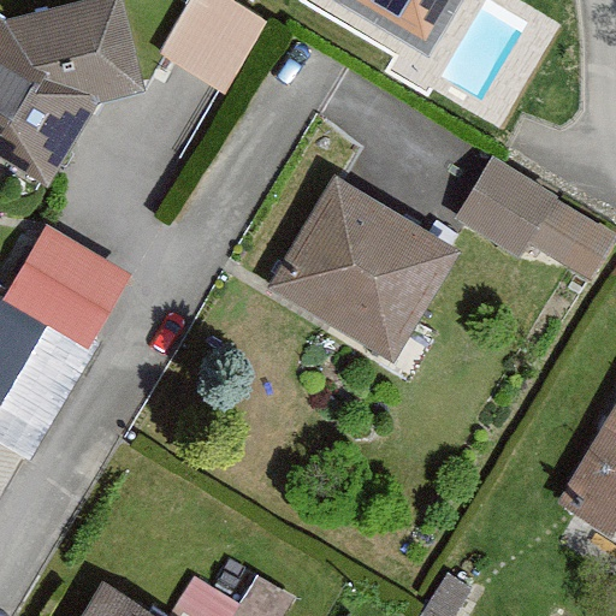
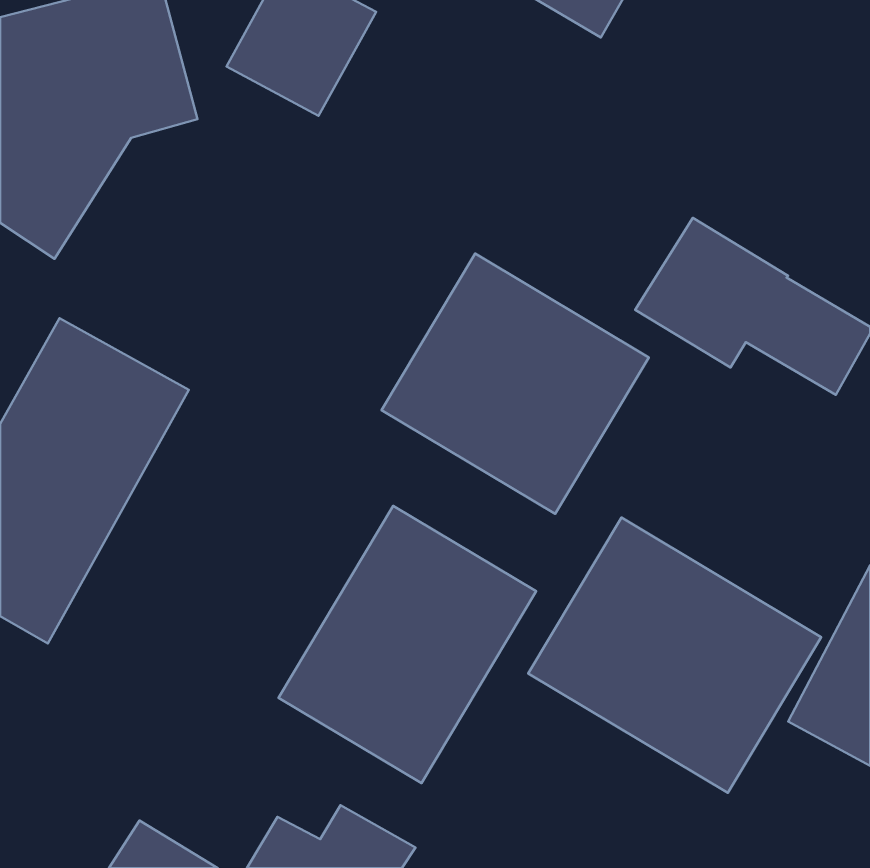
building: none -> [279,506,536,783]
building: none -> [528,518,821,793]

